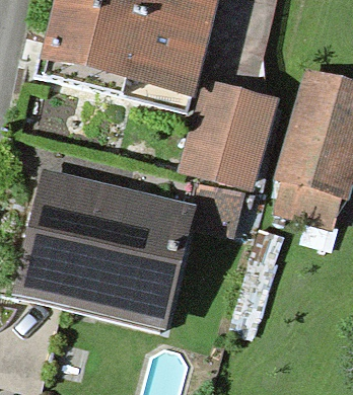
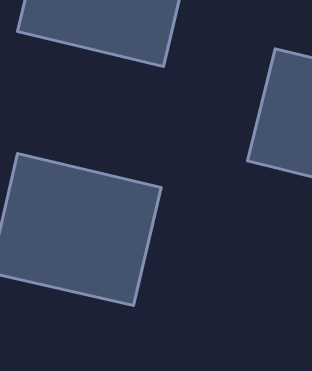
building: [180,82,277,193] -> none

